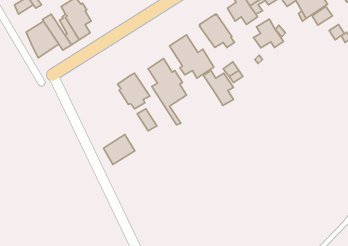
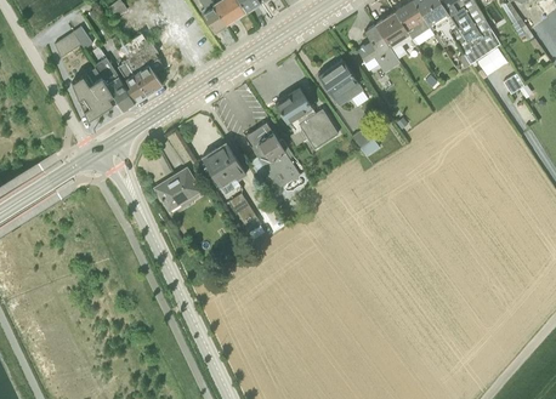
building: [254,19,284,48] -> none
building: [203,70,233,106] -> none
building: [103,135,135,164] -> [157,169,202,211]

